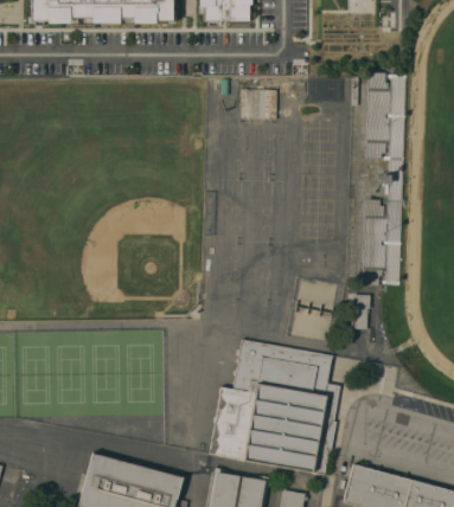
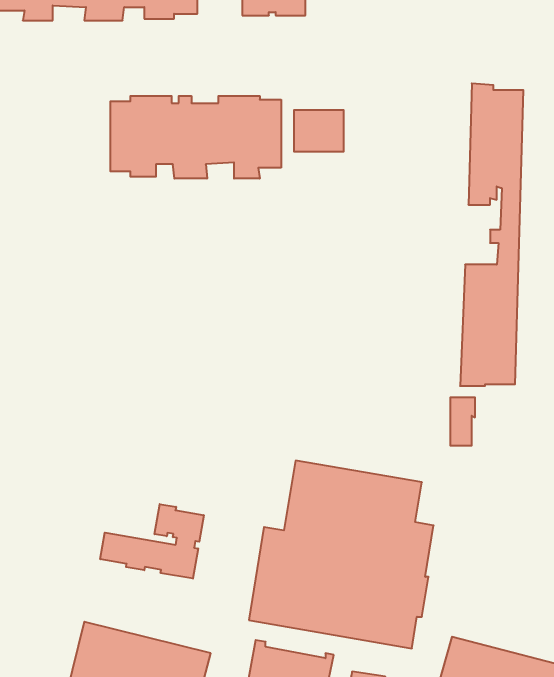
building: none -> [110,96,281,179]
building: none -> [100,504,204,579]

